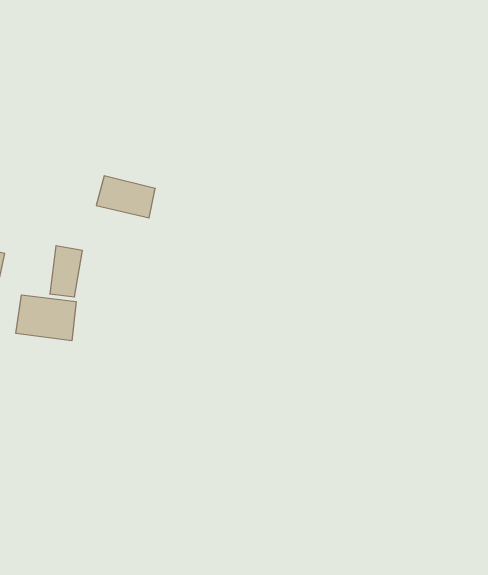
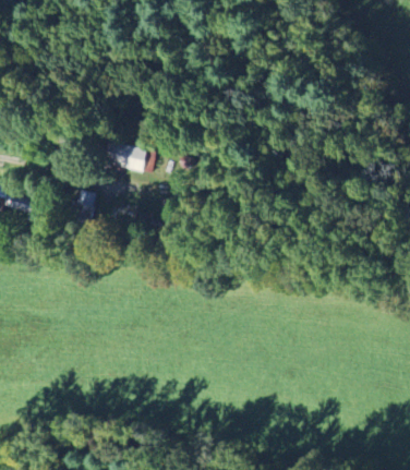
building: [16,295,76,341] -> none

